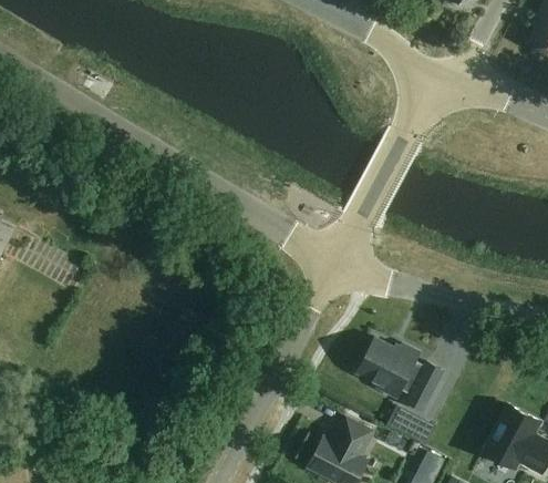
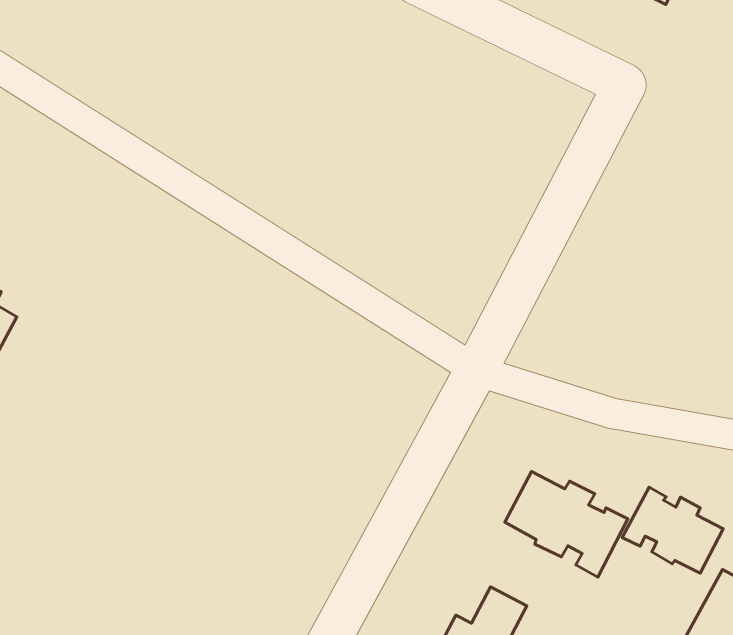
building: none -> [622,487,723,573]

